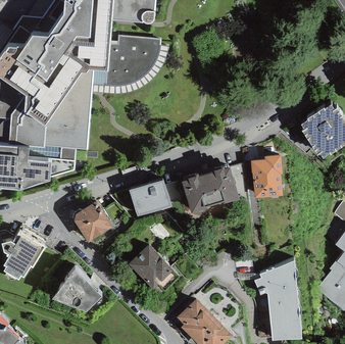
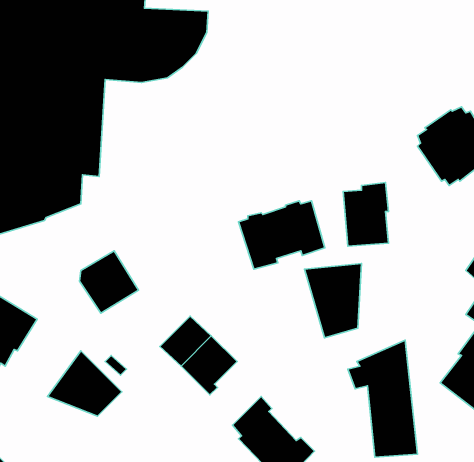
building: [129,178,171,215] -> none
building: none -> [304,264,361,338]

